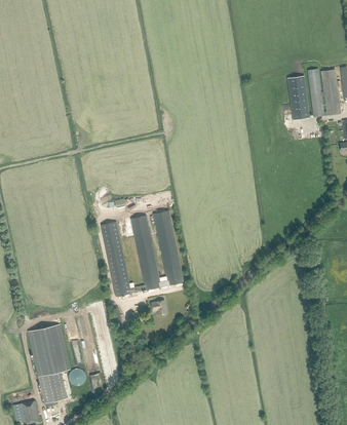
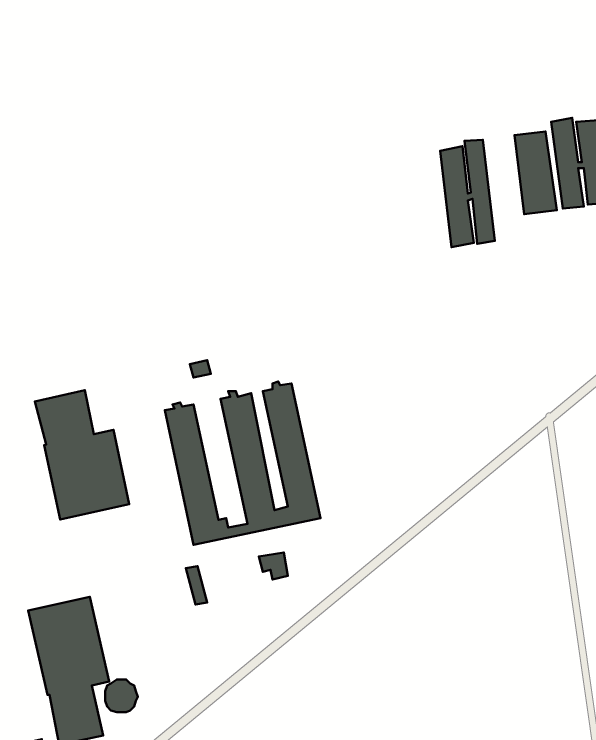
building: none -> [440,140,495,247]
building: none -> [35,390,129,519]

